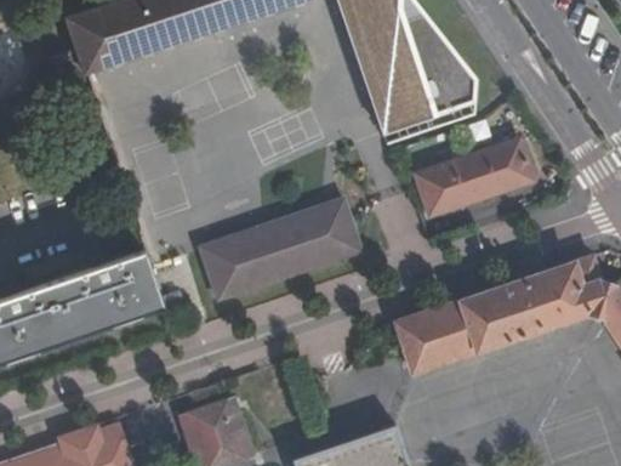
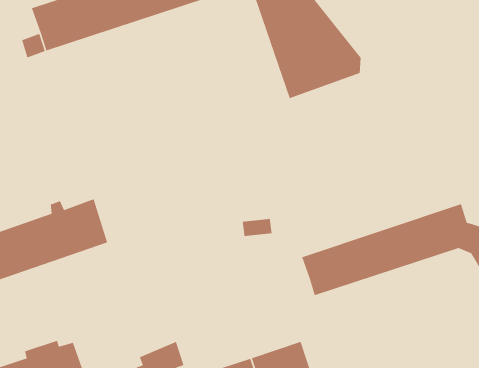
building: [416,140,534,217] -> none
building: [199,199,363,301] -> none
building: [180,400,244,445] -> none

